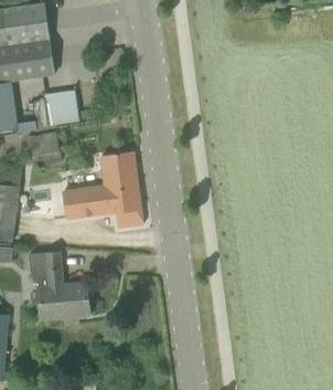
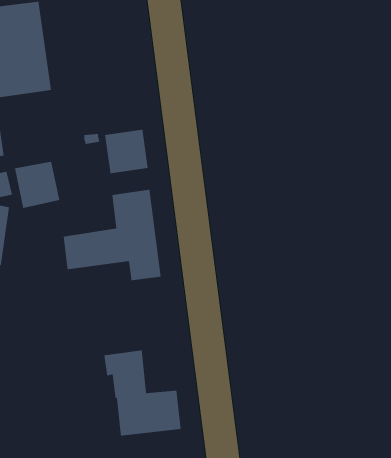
building: [42,89,77,125] -> [104,129,149,174]
building: [29,252,90,320] -> [104,350,181,436]

